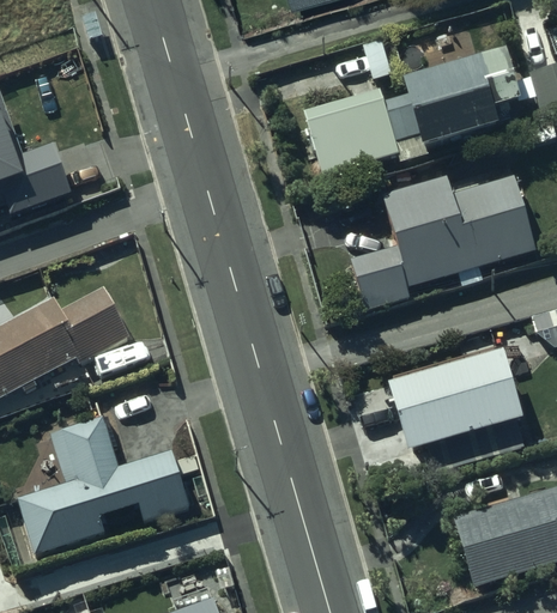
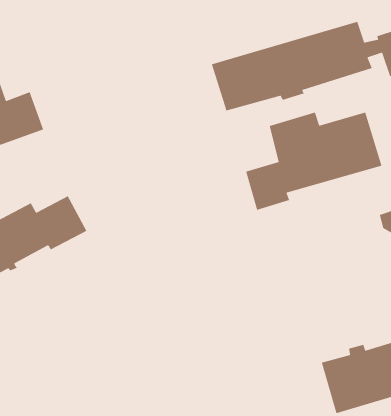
building: [382,347,521,469] -> none
building: [19,417,194,556] -> none

